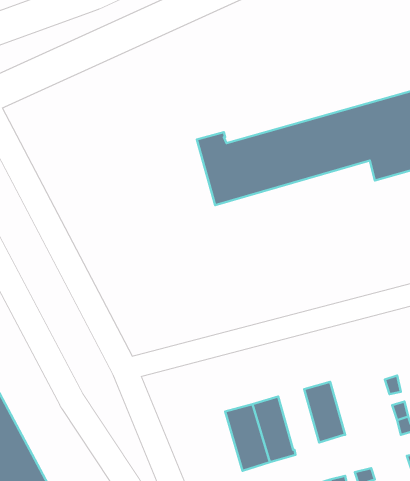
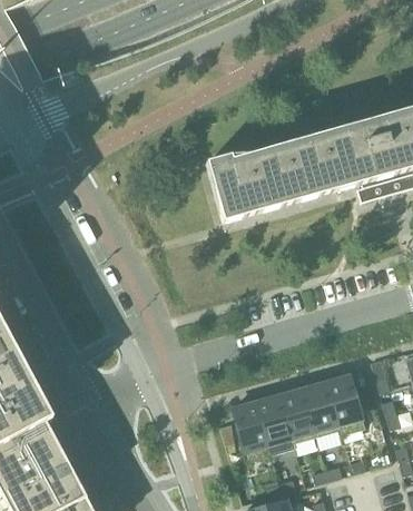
building: none -> [328,372,367,432]
building: none -> [282,385,318,440]

